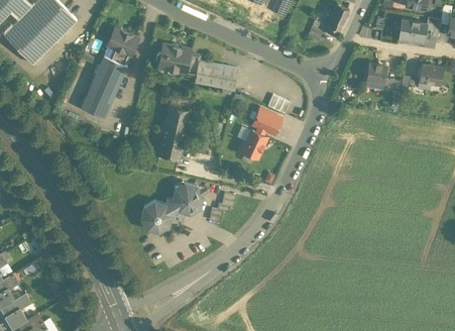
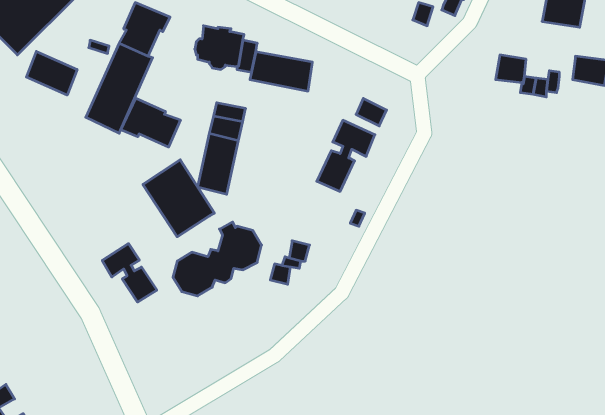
building: none -> [26,51,77,95]
building: none -> [121,98,180,147]
building: none -> [143,160,214,237]
building: none -> [102,244,157,302]

